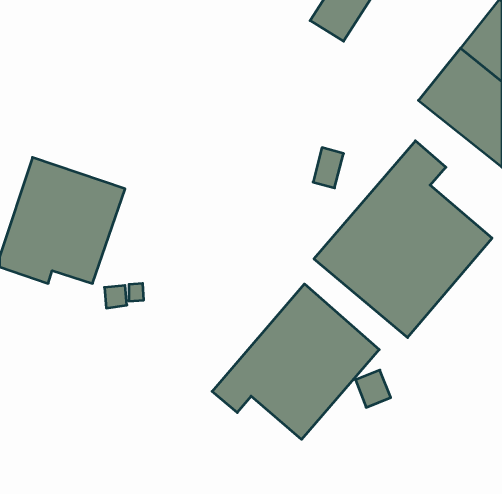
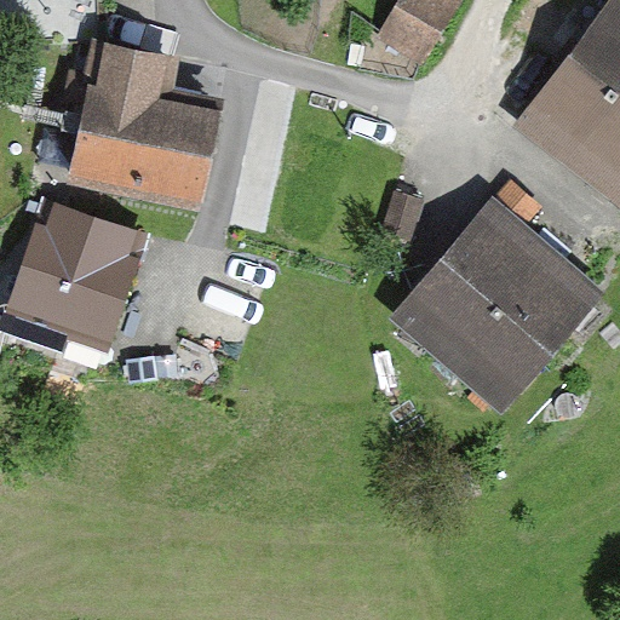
building: none -> [63,41,224,212]
building: [212,284,379,439] -> none

